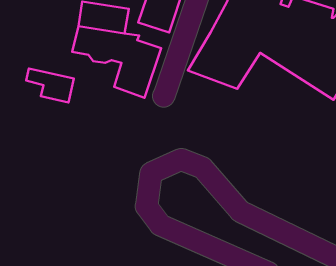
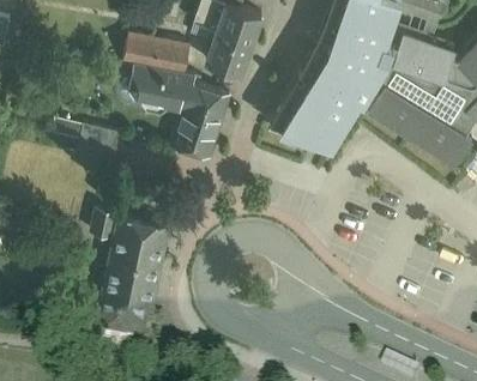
building: none -> [89,208,169,353]

